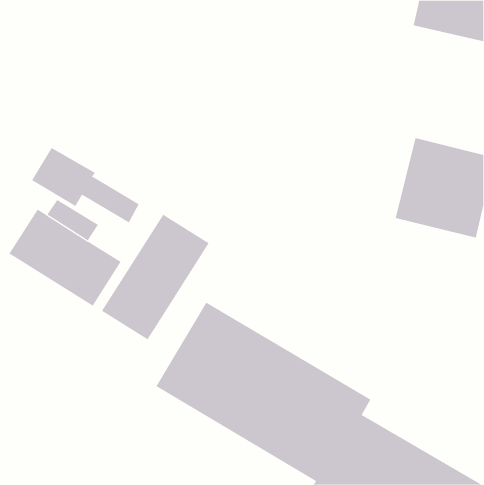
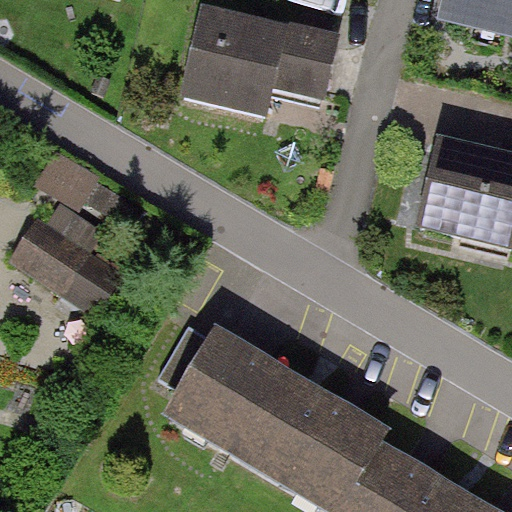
building: none -> [177,20,331,125]
building: [101,214,209,340] -> none

